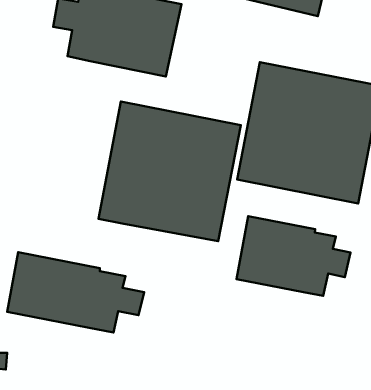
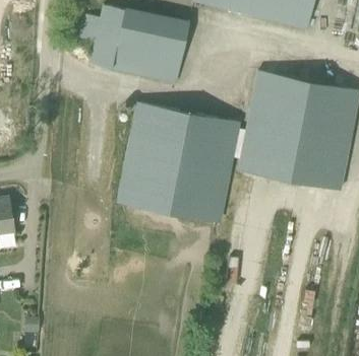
building: [237,216,350,296] -> none
building: [7,252,144,332] -> none

